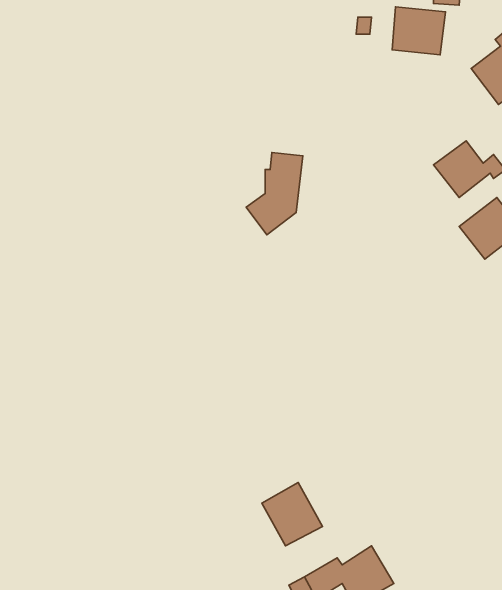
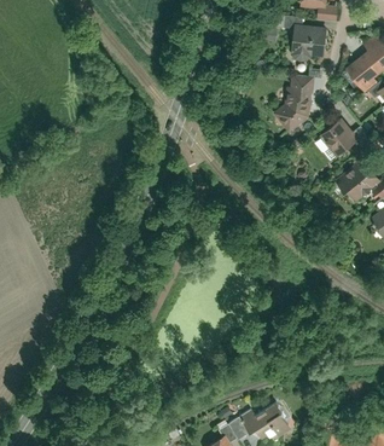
building: [246,152,303,235] -> [273,75,313,133]
building: [262,482,323,546] -> none

